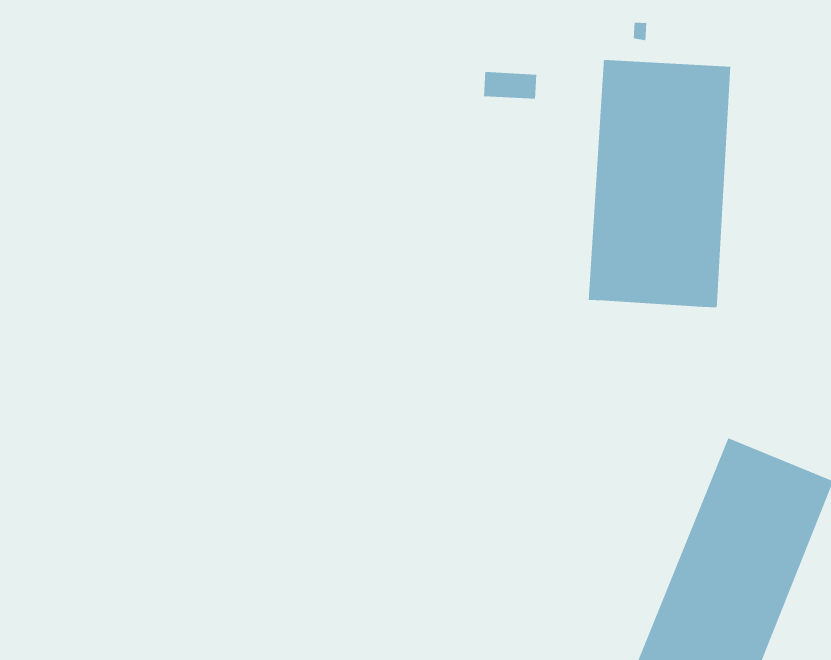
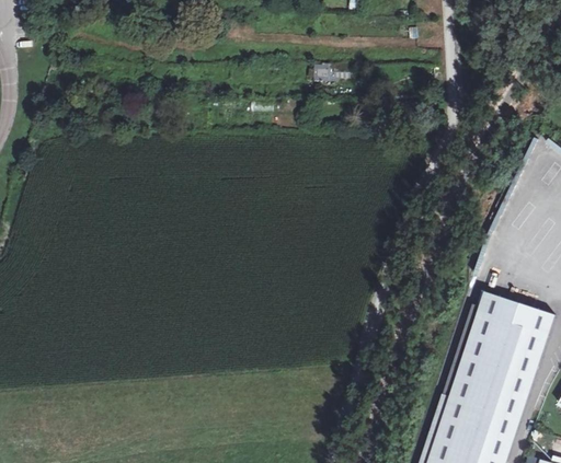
building: [588,59,731,308] -> none

